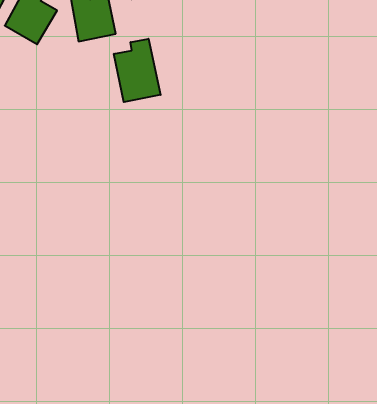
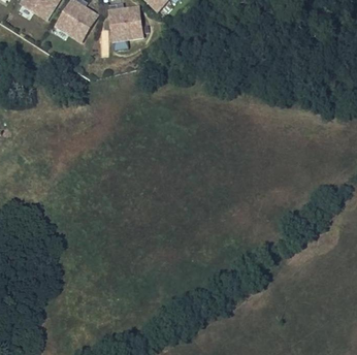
building: [114,39,161,102] -> none

